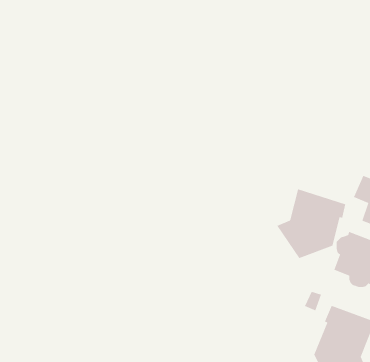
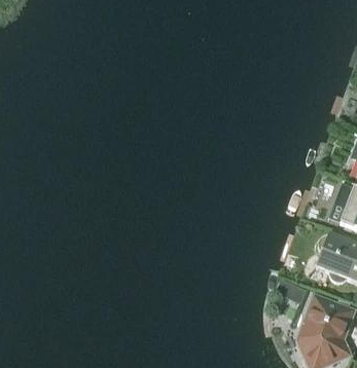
building: [277,189,346,259] -> none

